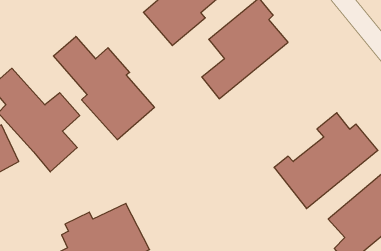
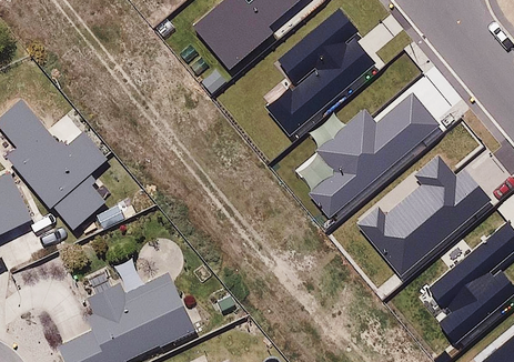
building: [53,36,154,140] -> none
building: none -> [308,93,440,219]

